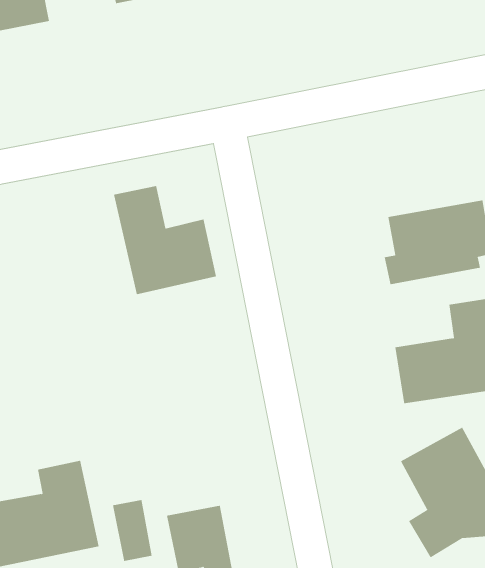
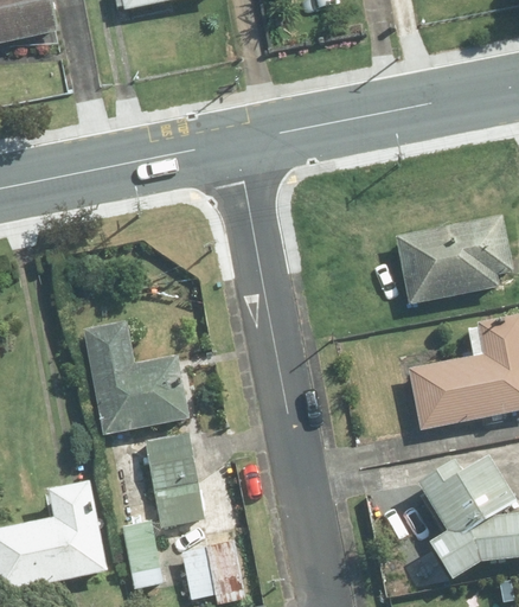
building: [113,185,217,295] -> [81,321,187,434]
building: none -> [142,429,211,526]

